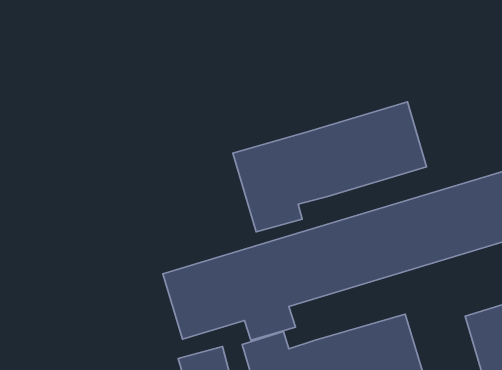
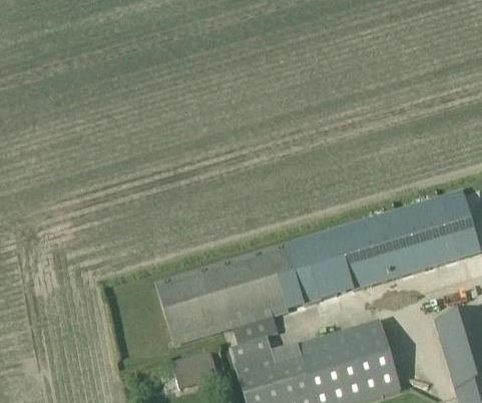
building: [233,102,426,232] -> none

